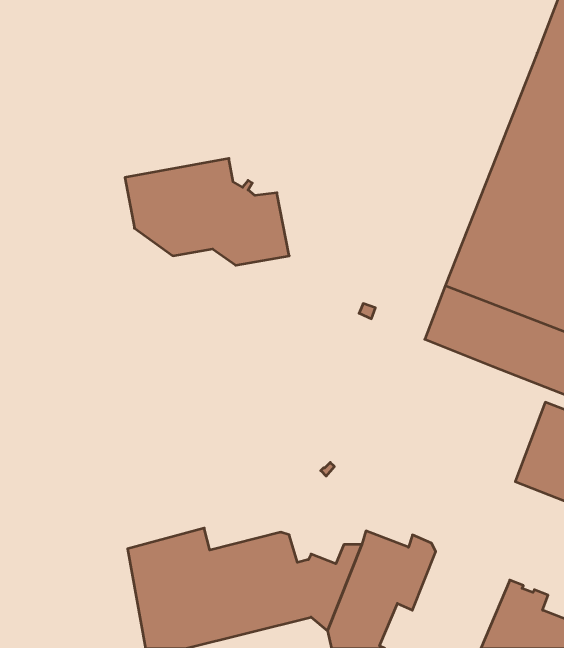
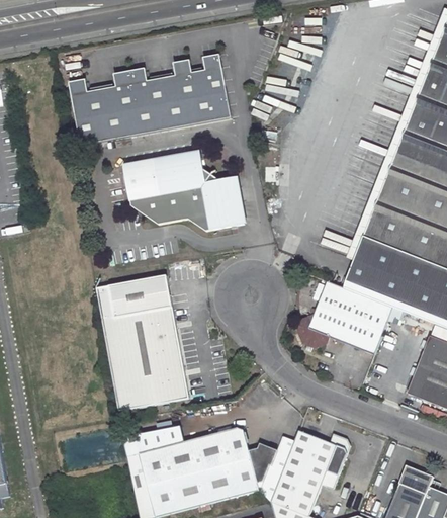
building: none -> [68,55,231,146]
building: none -> [96,274,189,411]
building: none -> [298,279,393,353]

